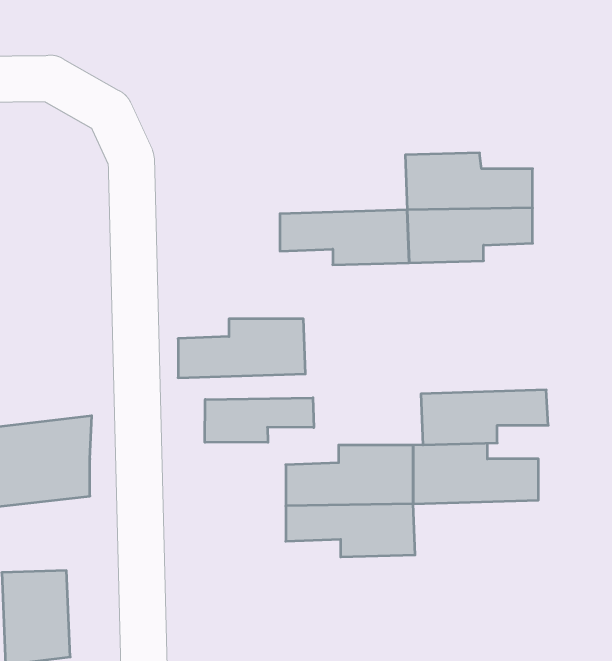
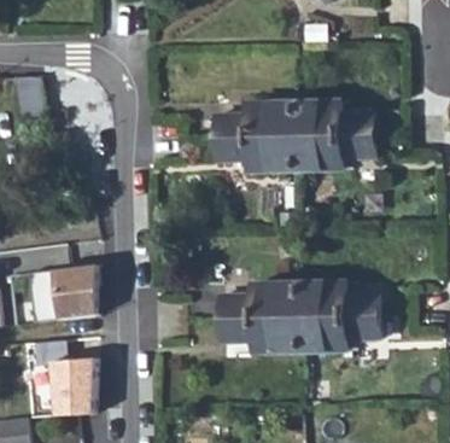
building: [178,319,305,378] -> [217,104,296,140]
building: [421,390,548,445] -> [299,316,378,350]
building: [205,398,314,442] -> none

